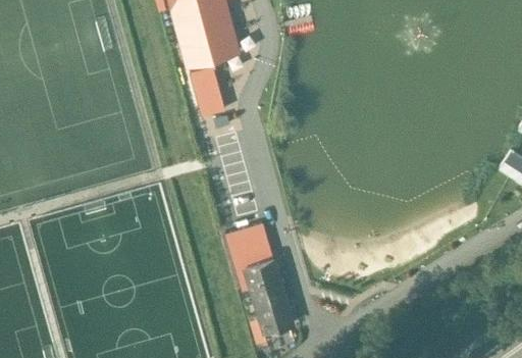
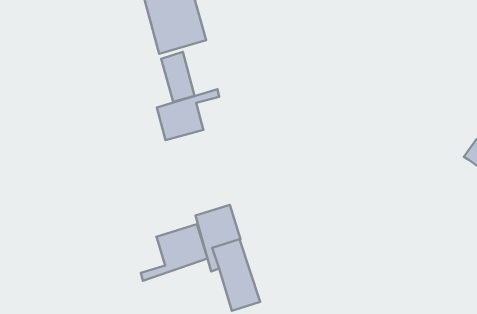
building: none -> [157,89,219,140]
building: none -> [141,224,208,281]

